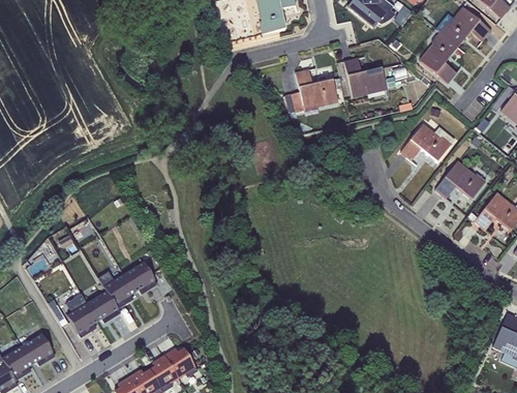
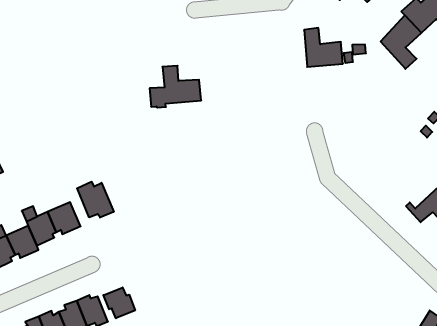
building: [285,69,337,113] -> [150,66,201,108]
building: [400,124,455,161] -> none
building: [434,160,486,200] -> none
building: none -> [77,182,114,218]
building: none -> [103,287,135,318]

